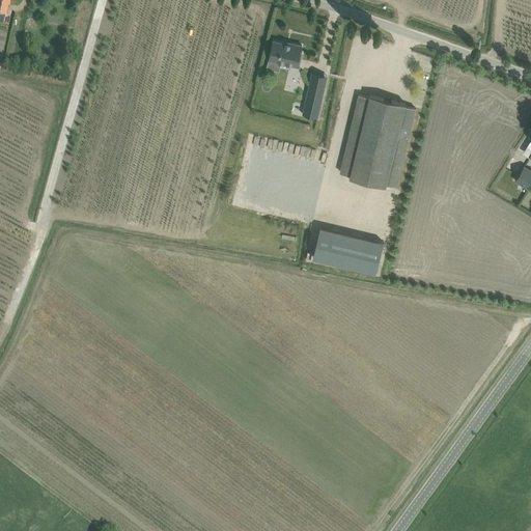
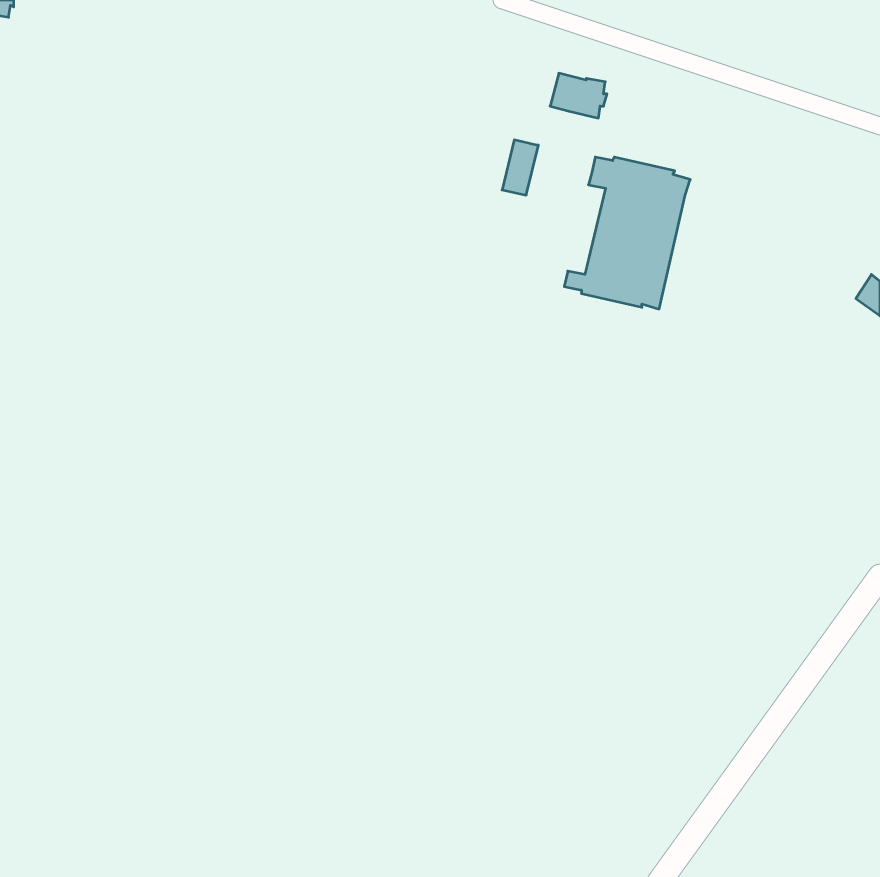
building: [268,43,302,69] -> [550,73,607,118]
building: [312,229,383,275] -> none

